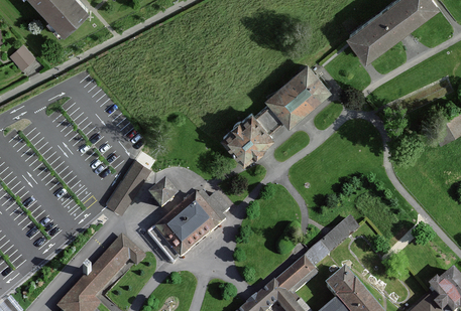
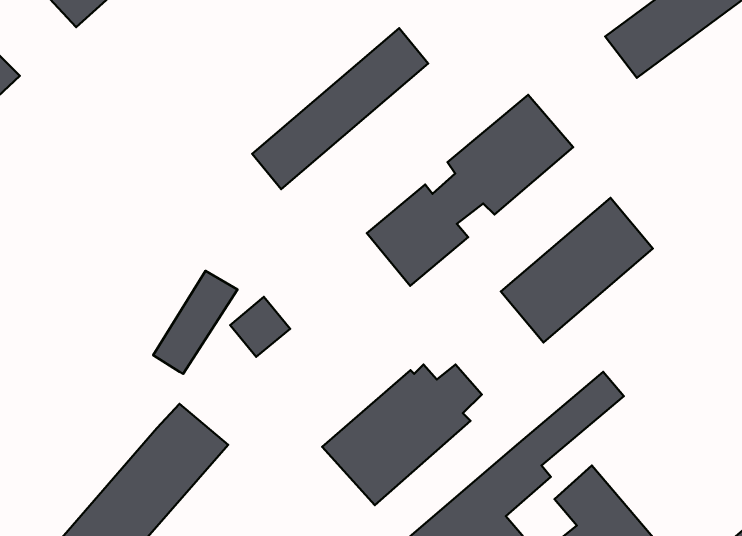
building: none -> [252,28,428,189]
building: none -> [501,198,653,342]
building: [146,188,232,264] -> [322,365,482,505]

